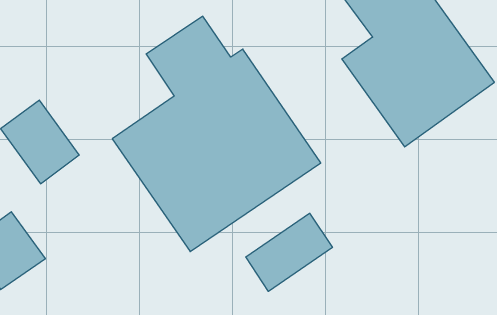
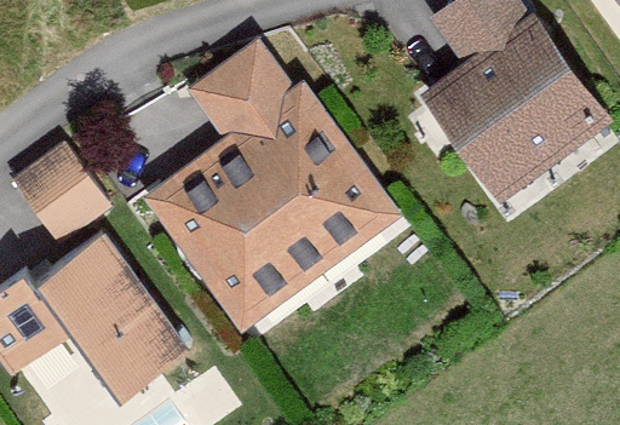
building: none -> [41,236,185,396]
building: [246,213,332,291] -> none

